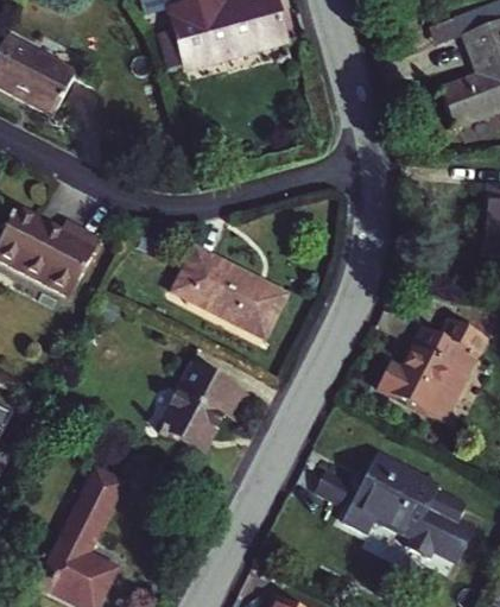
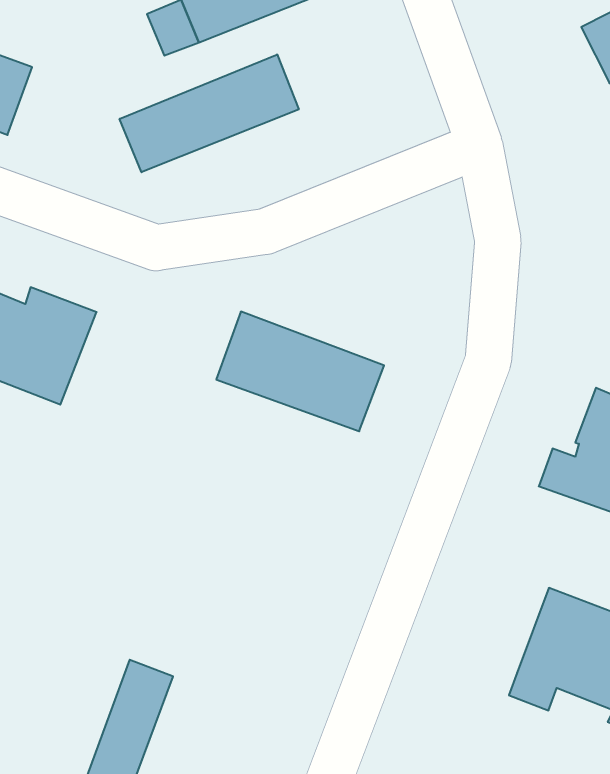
building: none -> [120,54,299,172]
building: [160,365,247,451] -> none

